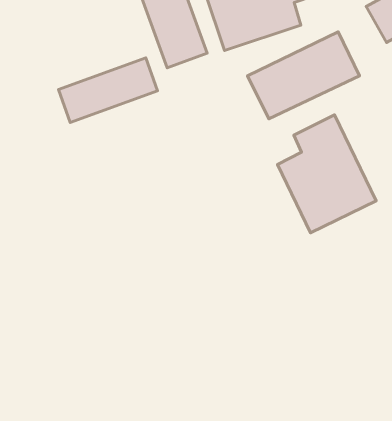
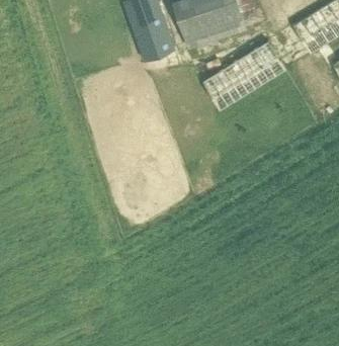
building: [58,58,157,122] -> none
building: [278,115,376,233] -> none

